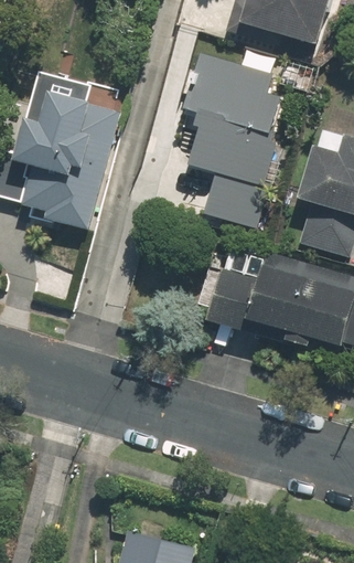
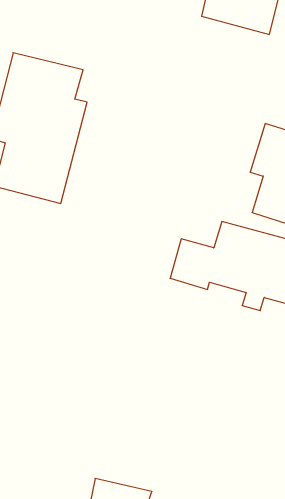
building: [179,49,300,225] -> none

